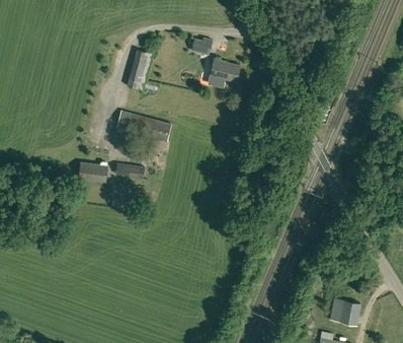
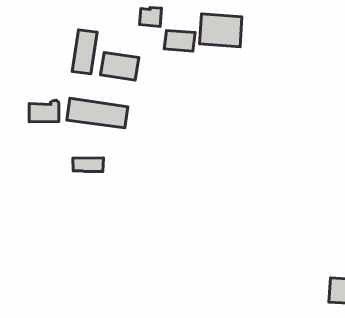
building: none -> [200,14,242,47]
building: none -> [101,52,139,80]
building: [78,162,106,182] -> [29,100,59,122]

